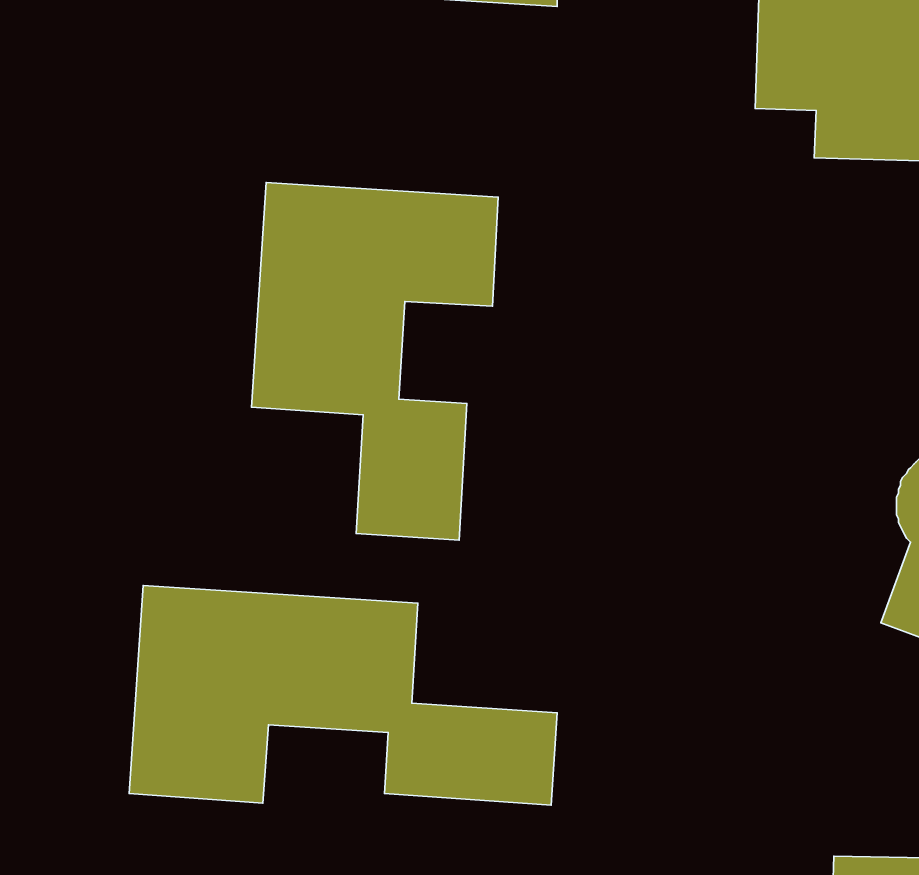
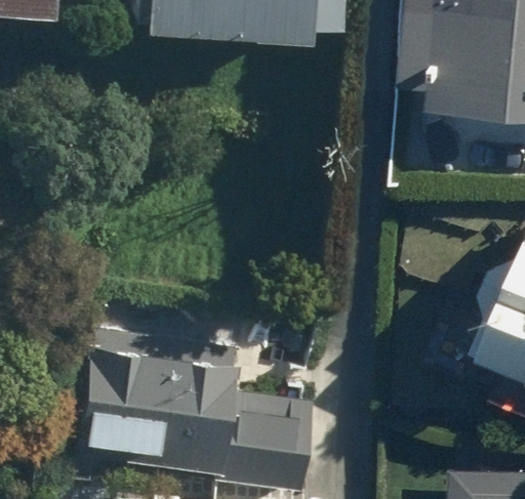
building: [252,182,498,540] -> none

